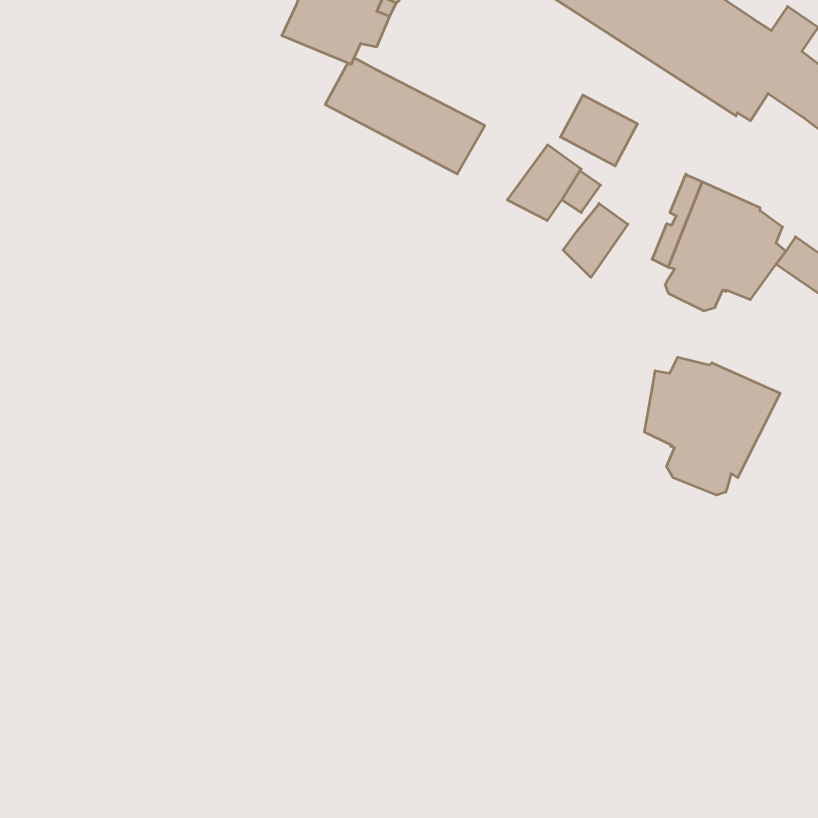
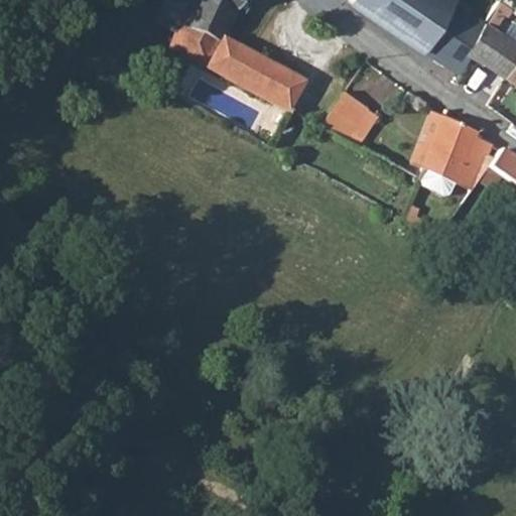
building: none -> [168,22,221,66]
building: [563,203,628,277] -> none
building: [644,357,780,495] -> none

